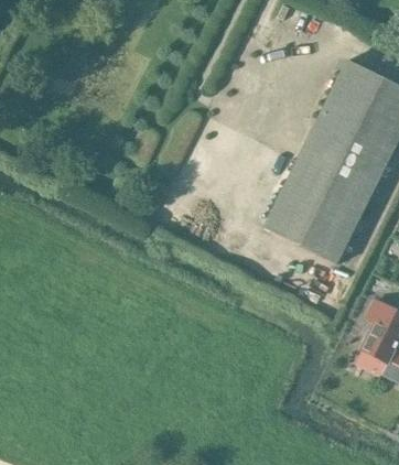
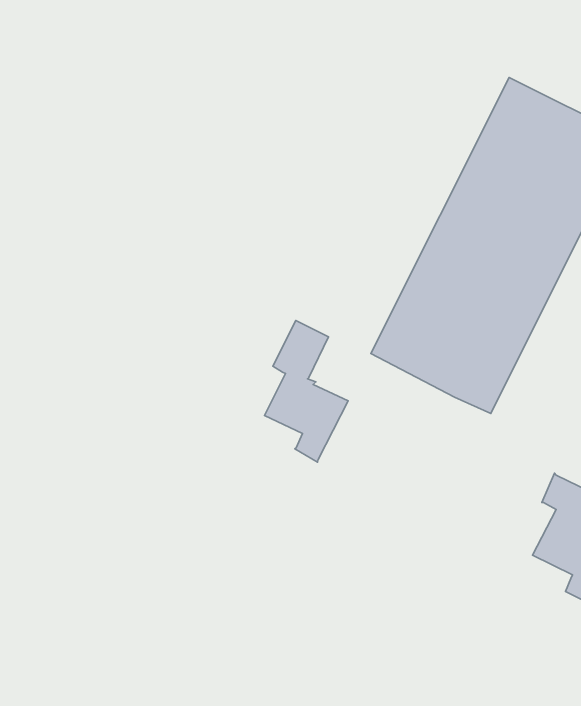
building: none -> [265,320,348,462]

